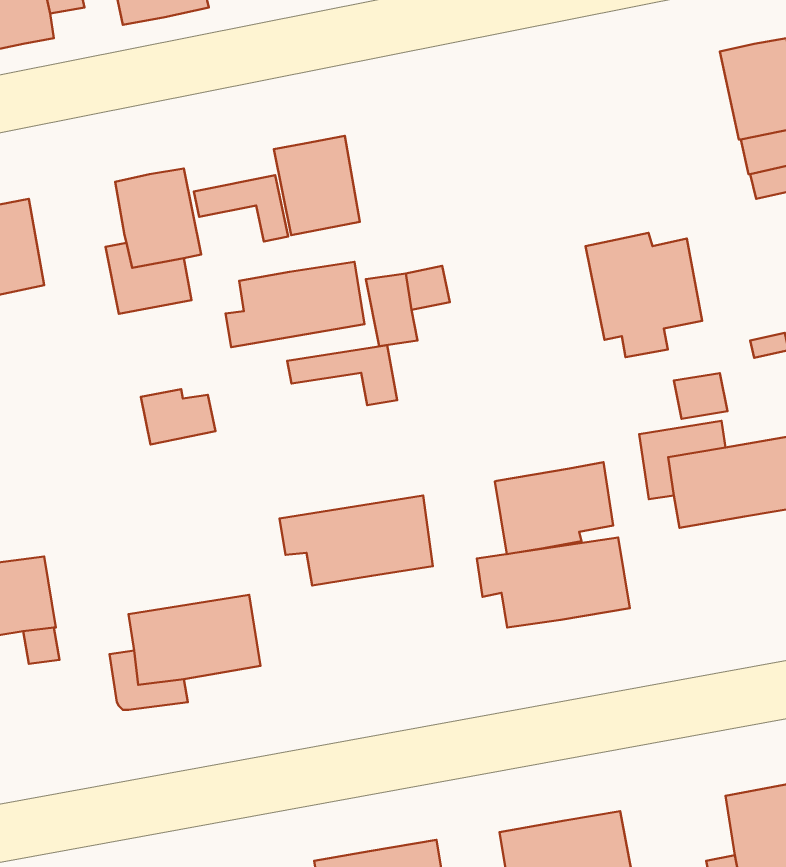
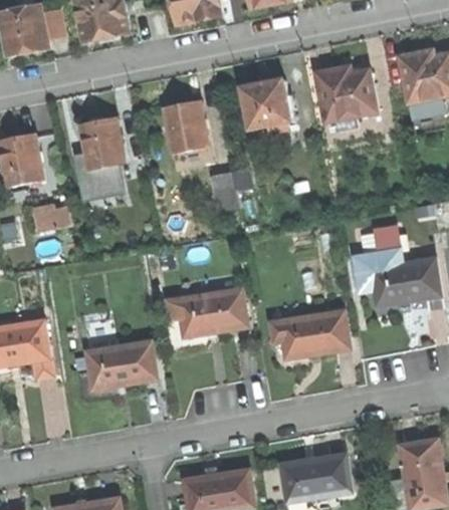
building: none -> [241,77,291,134]
building: [194,175,288,242] -> none
building: [585,233,702,357] -> [315,64,377,130]
building: [225,262,364,347] -> none
building: [287,345,397,405] -> none
building: [141,389,215,444] -> [31,202,70,231]
building: [495,462,613,554] -> none

